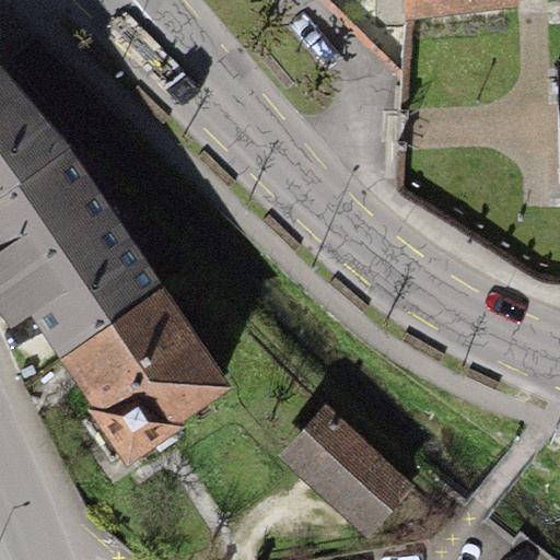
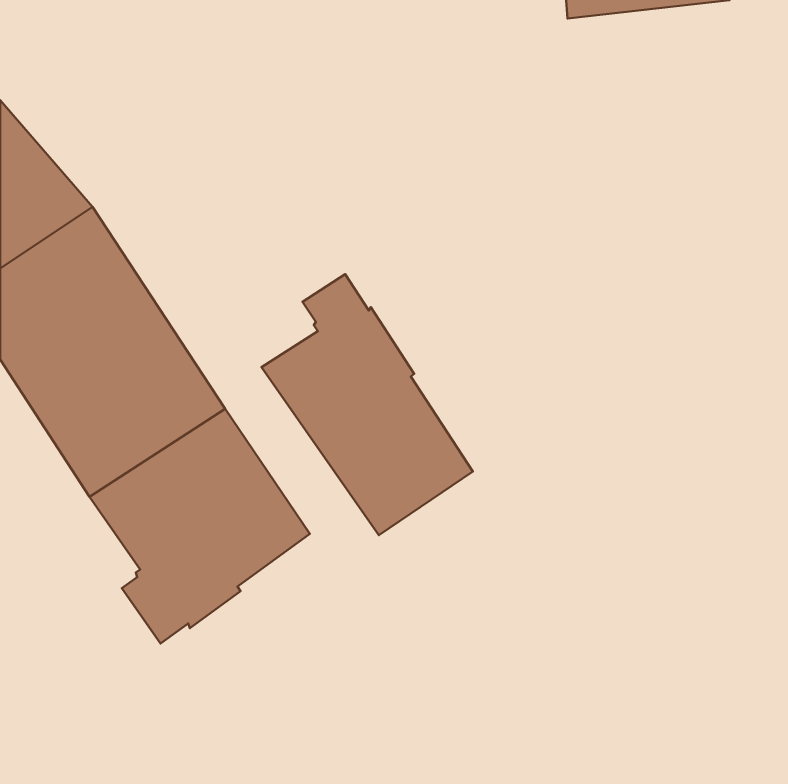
building: none -> [262,274,473,535]
building: [283,410,402,527] -> none

